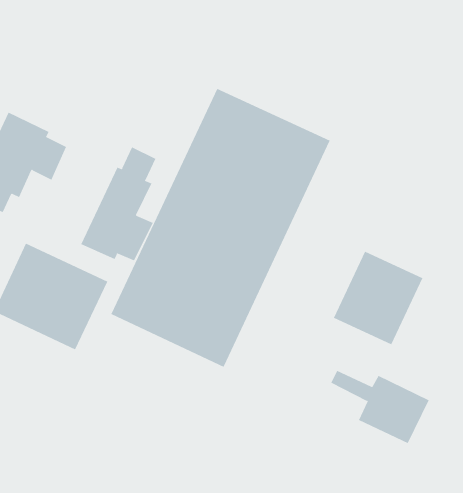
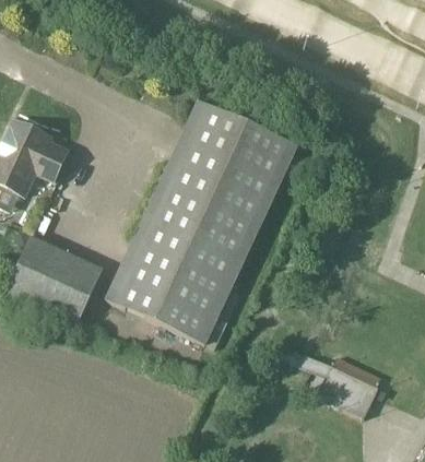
building: [81,147,156,261] -> none
building: [333,251,423,345] -> none

